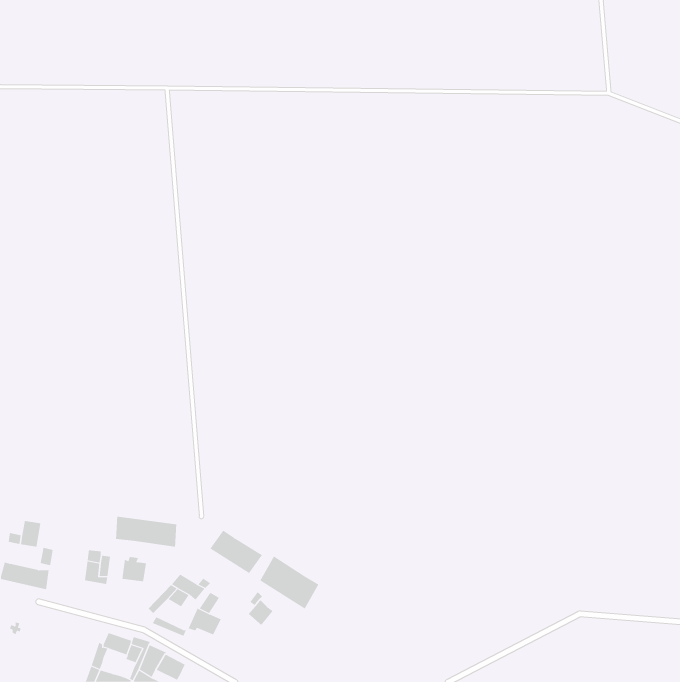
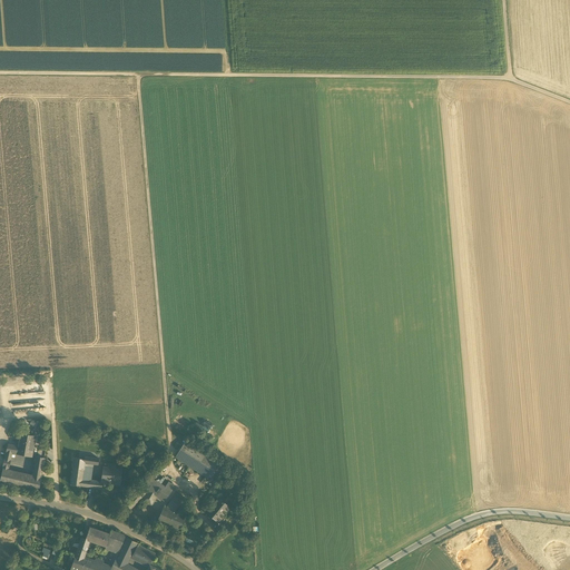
building: [115,516,177,547] -> none
building: [260,555,319,609] -> none

